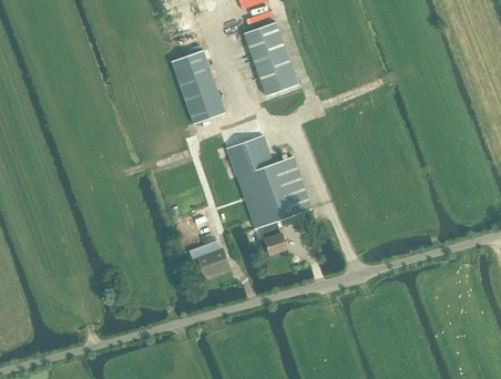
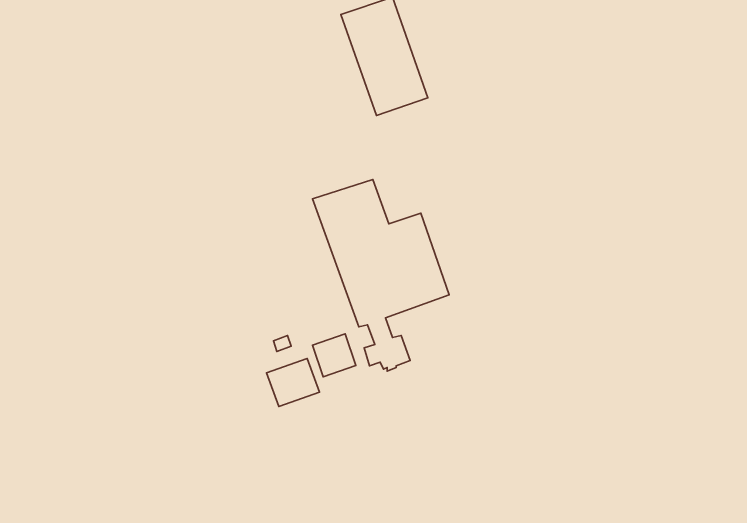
building: [171,49,224,122] -> none
building: none -> [313,334,356,377]

